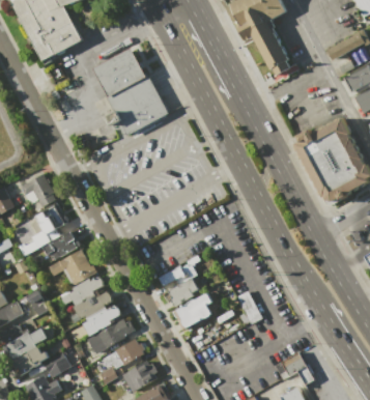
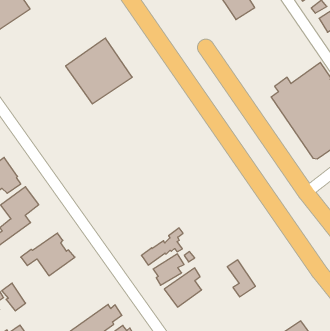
building: [93,48,145,95] -> none
building: [42,230,83,259] -> none
building: [60,275,121,335] -> none

